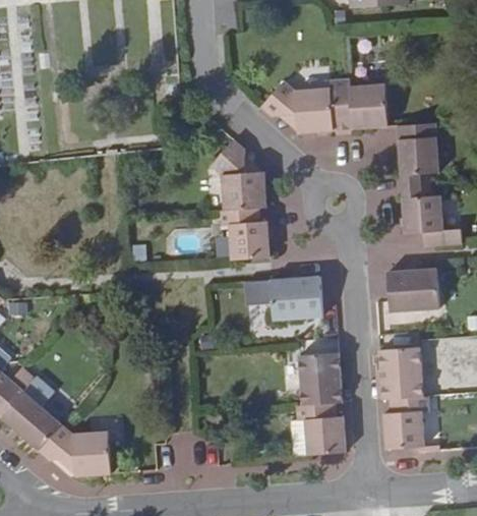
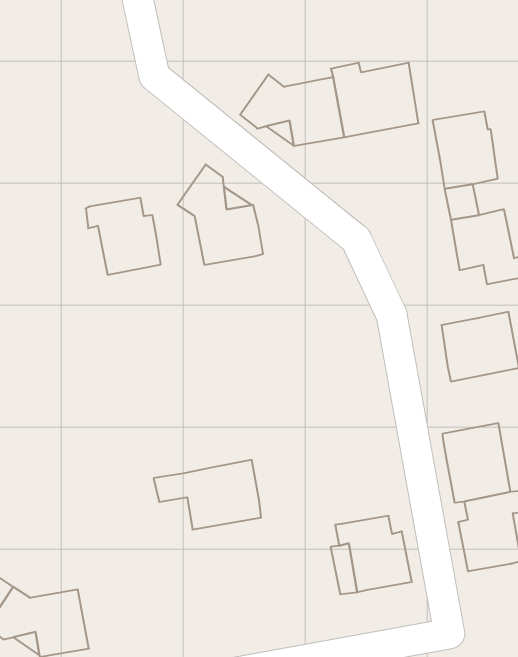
building: [221,208,270,260] -> [86,198,161,275]
building: [249,276,322,321] -> [154,460,261,530]
building: [299,352,342,405] -> none

